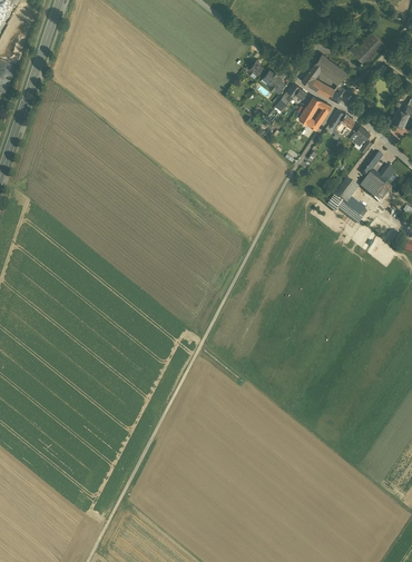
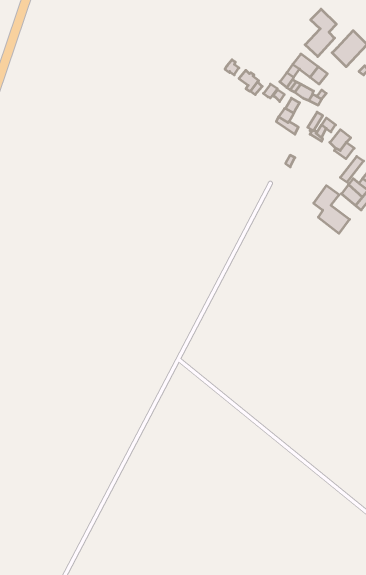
building: none -> [305,9,336,57]

